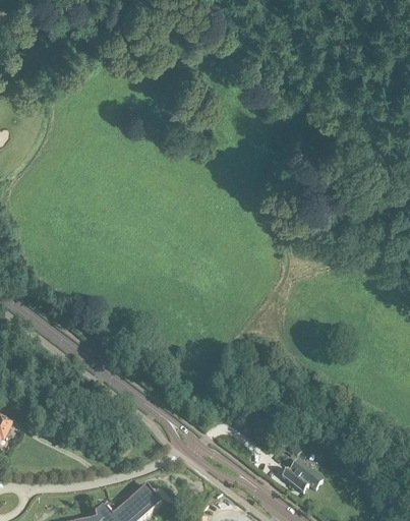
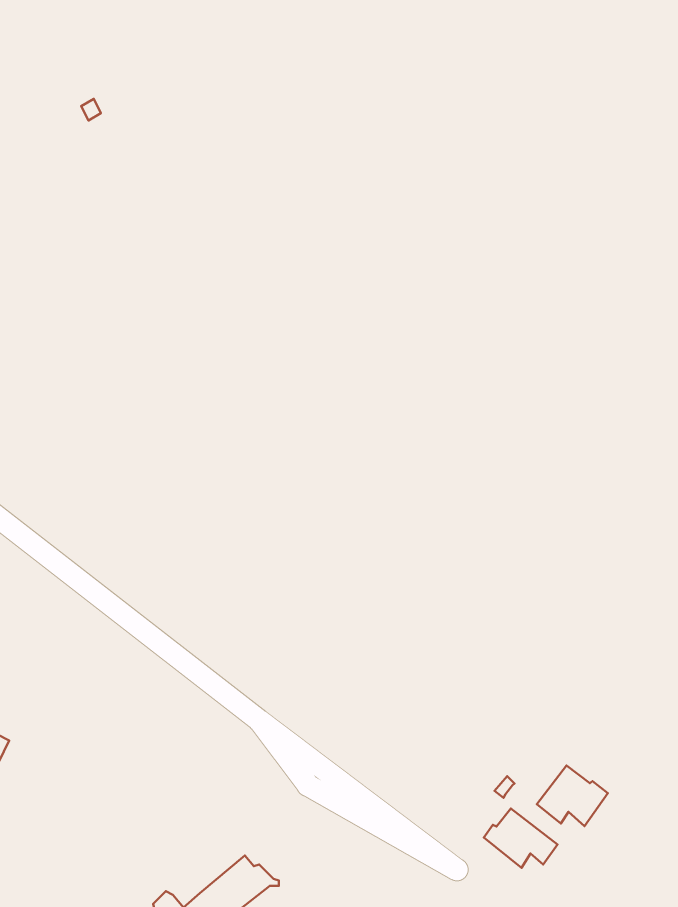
building: none -> [537,766,608,826]

